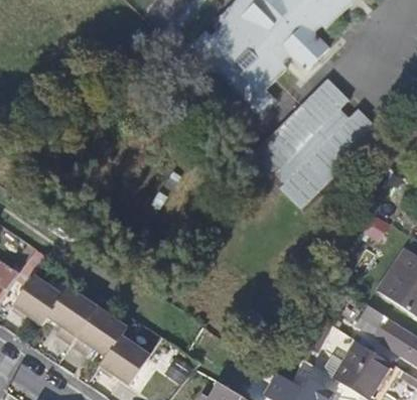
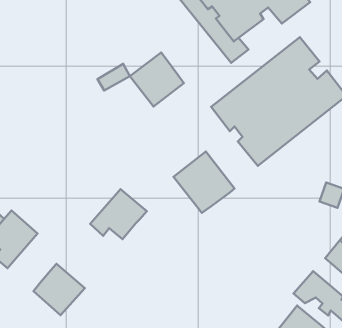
building: none -> [130,53,184,107]
building: none -> [174,152,234,213]
building: [71,301,124,350] -> [90,189,147,239]

